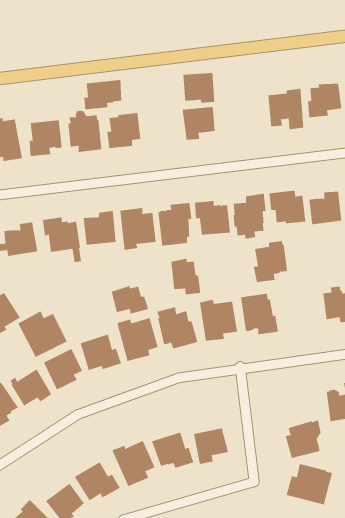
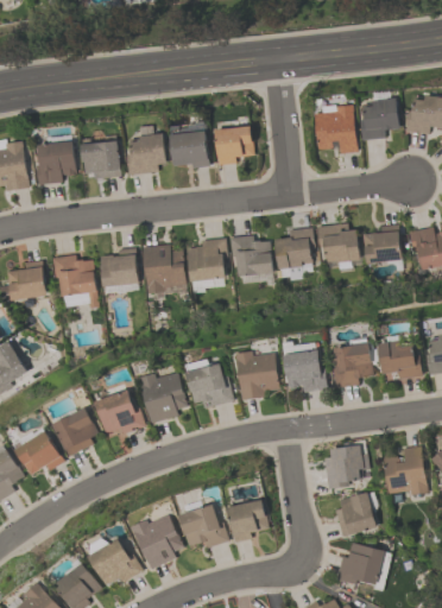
building: [182,72,215,103] -> [170,132,208,167]
building: [84,79,122,110] -> none
building: [253,241,288,282] -> [332,338,372,387]
building: [171,258,201,295] -> none
building: [111,285,149,314] -> none
building: [17,311,67,358] -> none
building: none -> [323,445,367,488]

